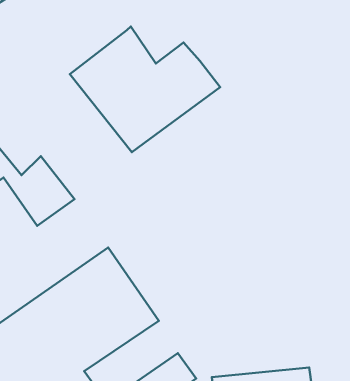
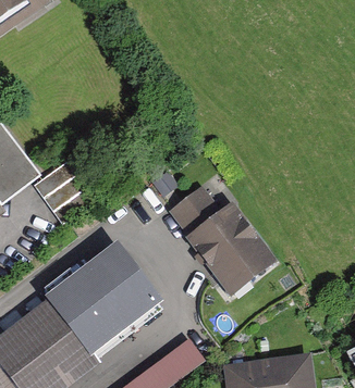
building: [70,27,220,152] -> none
building: none -> [163,184,279,297]

